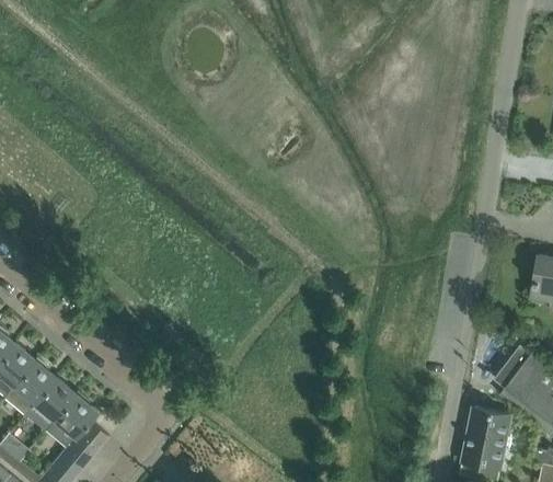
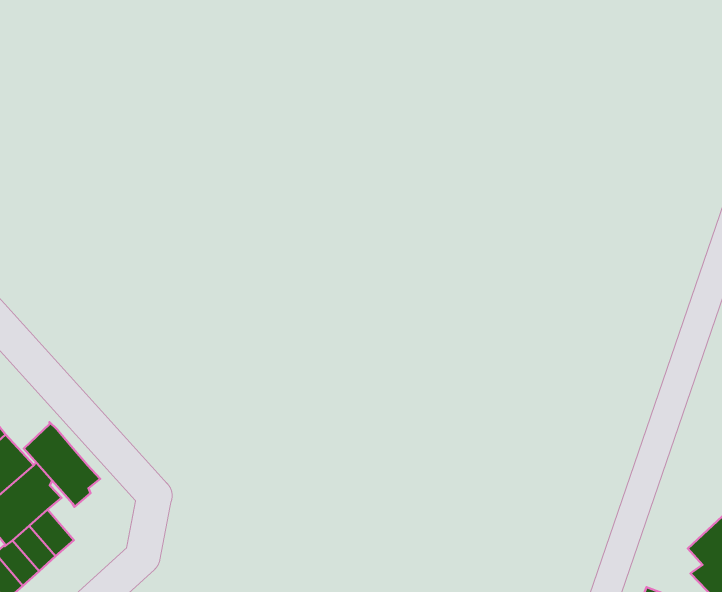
building: none -> [24,422,100,507]

